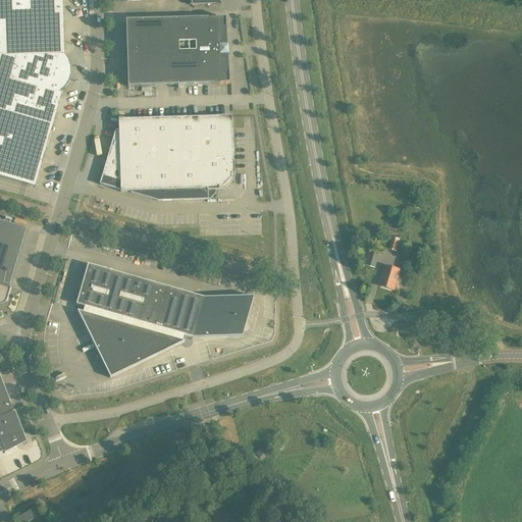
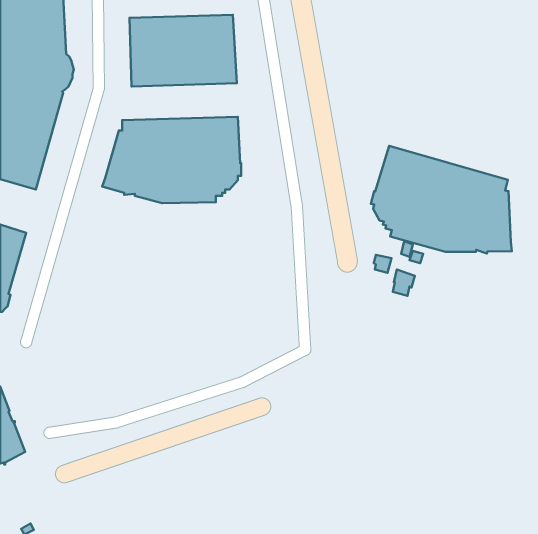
building: none -> [371,146,512,254]
building: [75,261,253,374] -> none

